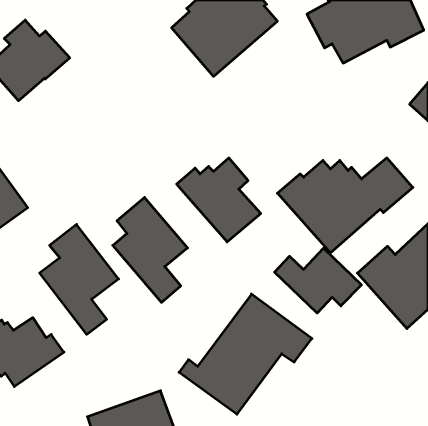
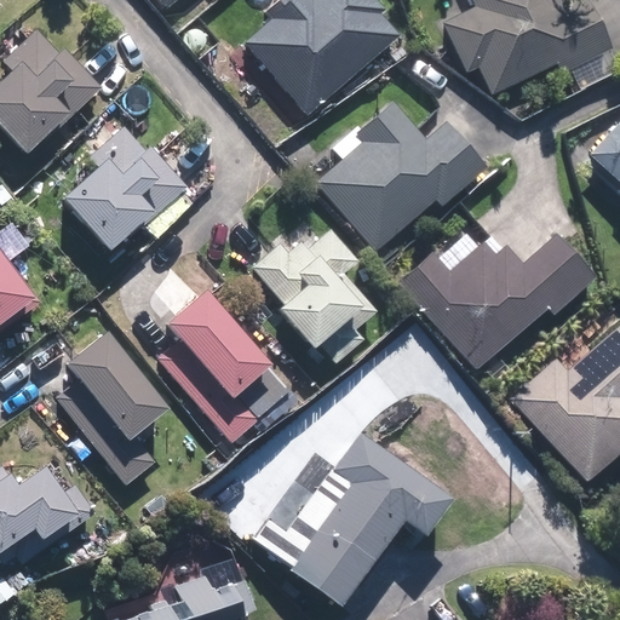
building: none -> [320,107,484,248]
building: none -> [65,130,186,248]
building: [275,248,361,313] -> none

